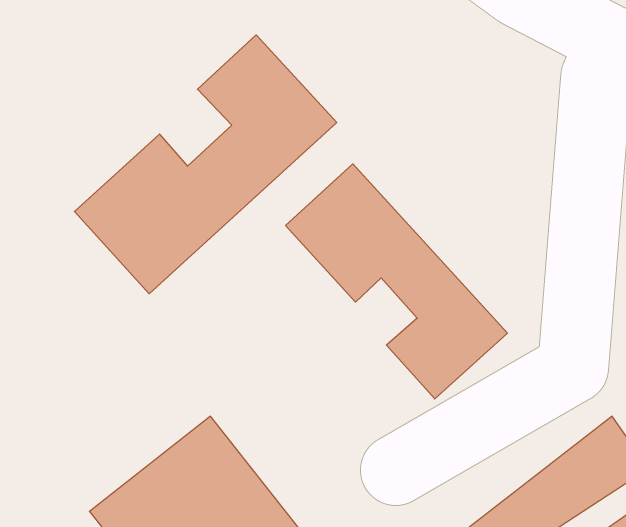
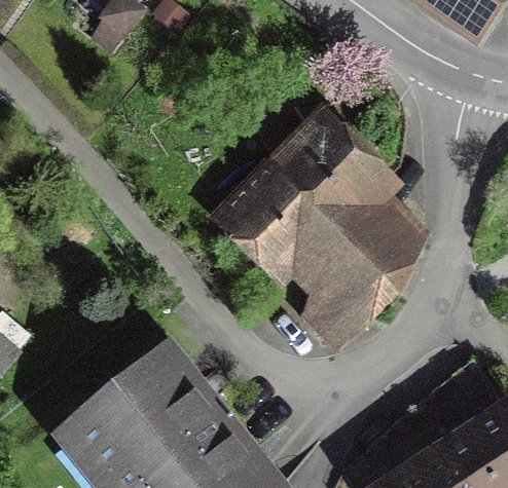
building: [74,35,337,294] -> none
building: none -> [275,127,422,298]

